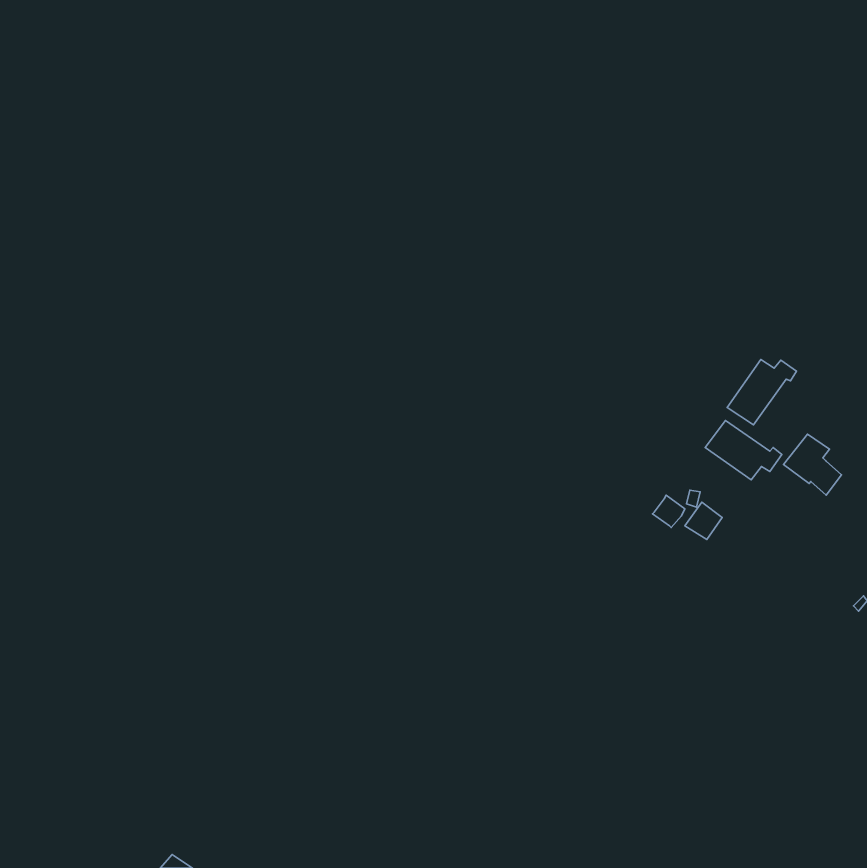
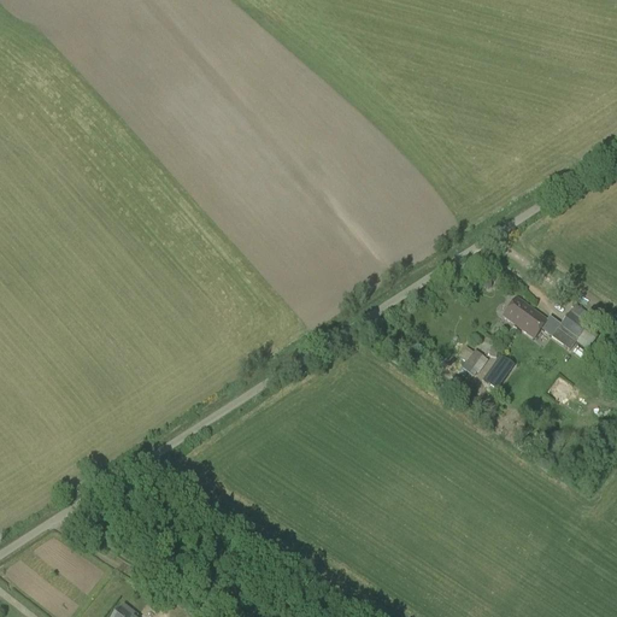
building: [727,359,796,425] -> none

